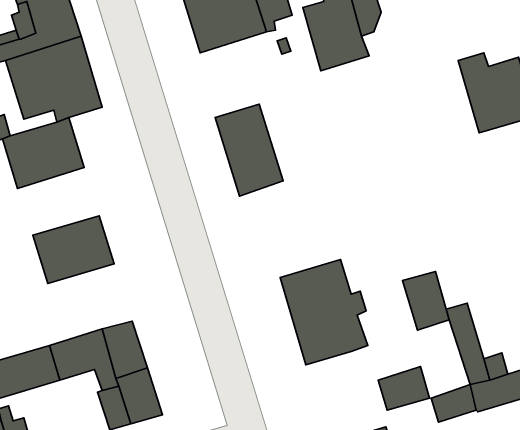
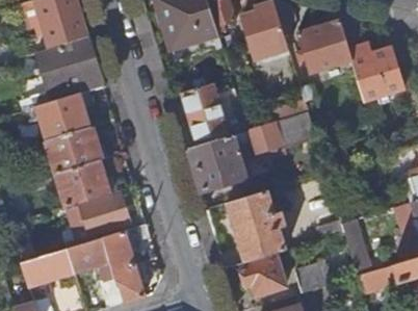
building: none -> [295,21,350,72]
building: none -> [187,111,314,192]
building: none -> [45,126,101,173]
building: none -> [80,193,129,235]
building: none -> [241,249,291,296]

